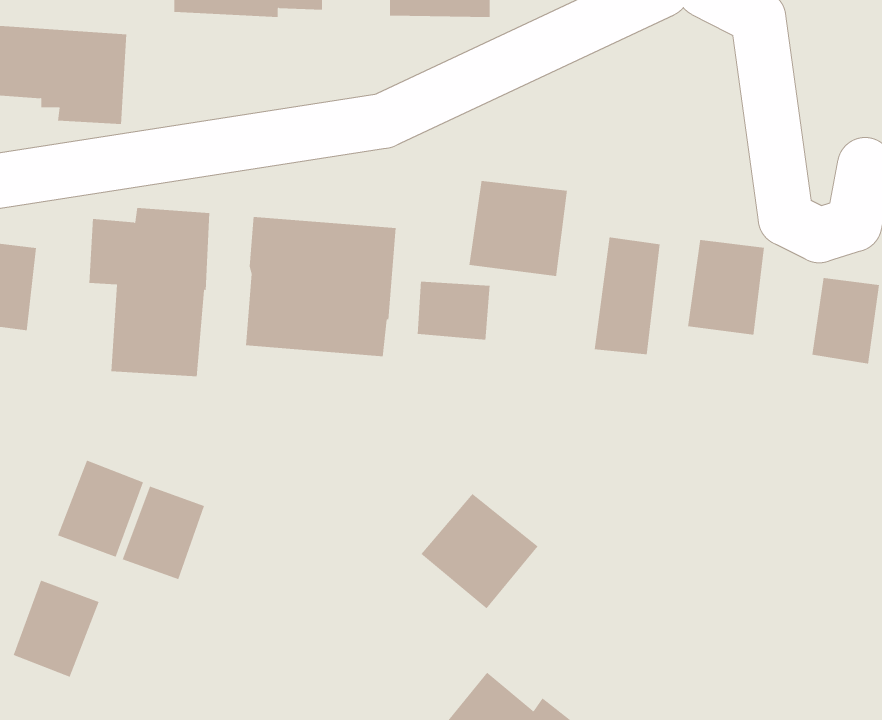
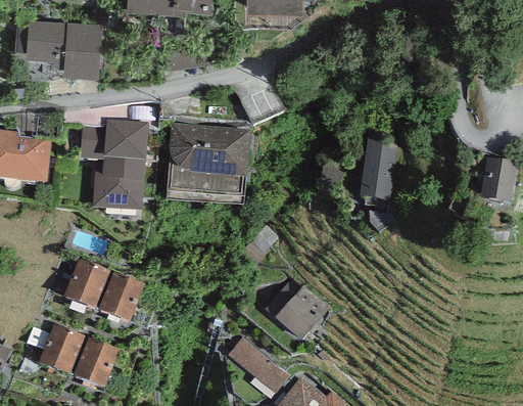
building: [469,180,567,277] -> none
building: [688,239,764,336] -> none
building: [417,281,490,340] -> none
building: none -> [230,331,295,392]
building: none -> [73,339,120,391]

